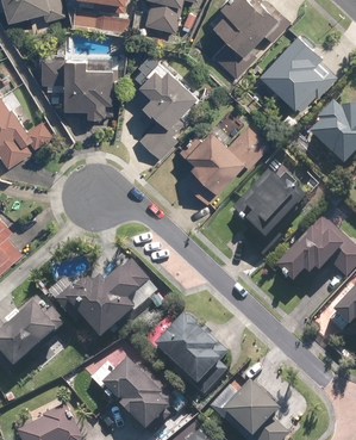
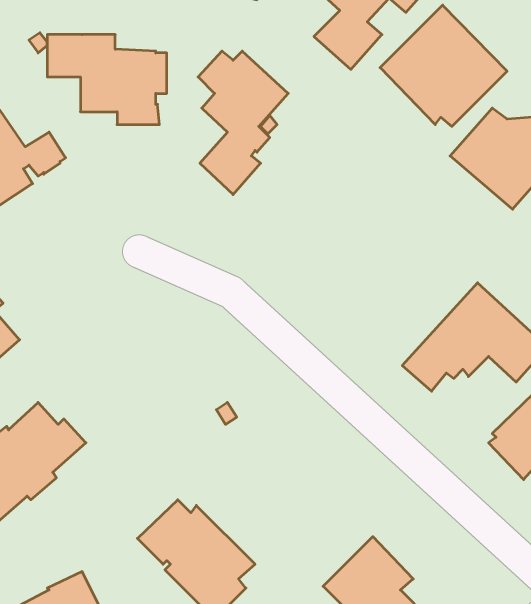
building: [180,124,270,200] -> none
building: [231,168,305,254] -> none
building: [52,258,157,336] -> none
building: [152,311,227,392] -> none

